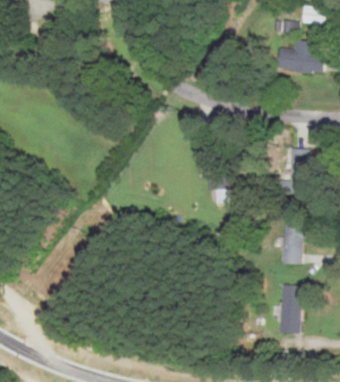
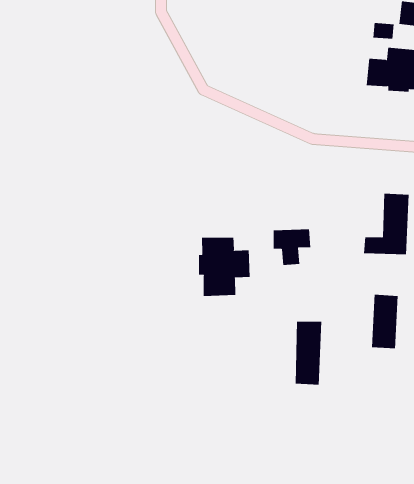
building: none -> [198,237,250,297]
building: [281,285,301,333] -> [295,321,322,385]

